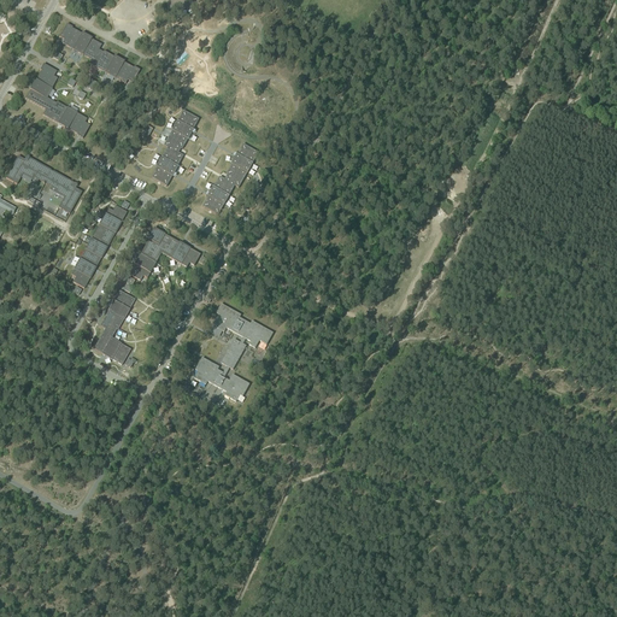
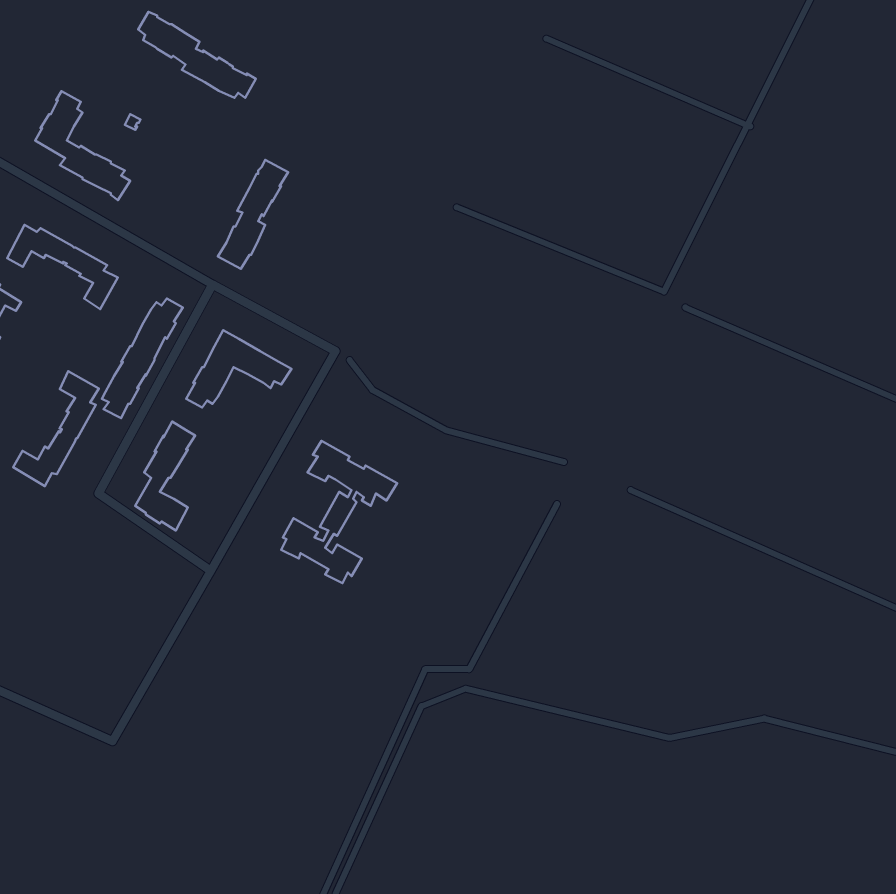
building: [58,23,139,82] -> [138,12,256,98]
building: [201,142,258,213] -> none
building: none -> [13,371,99,486]

